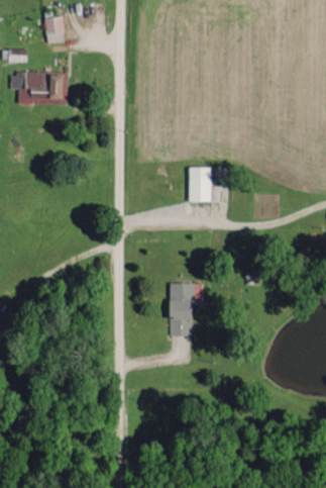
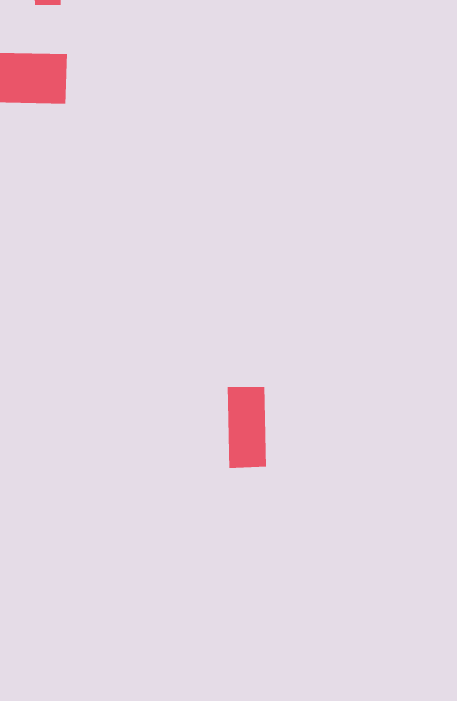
building: [189,167,220,201] -> none

